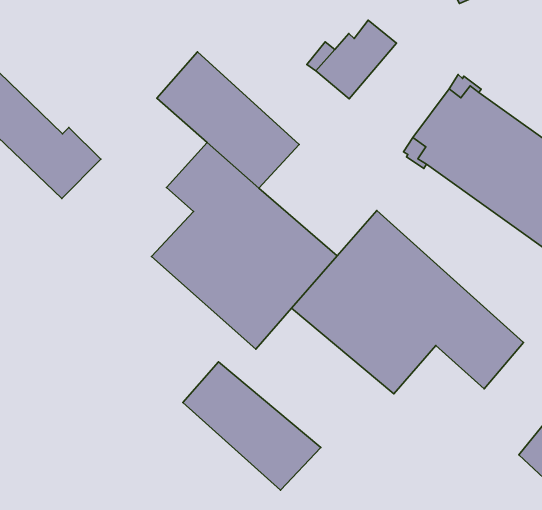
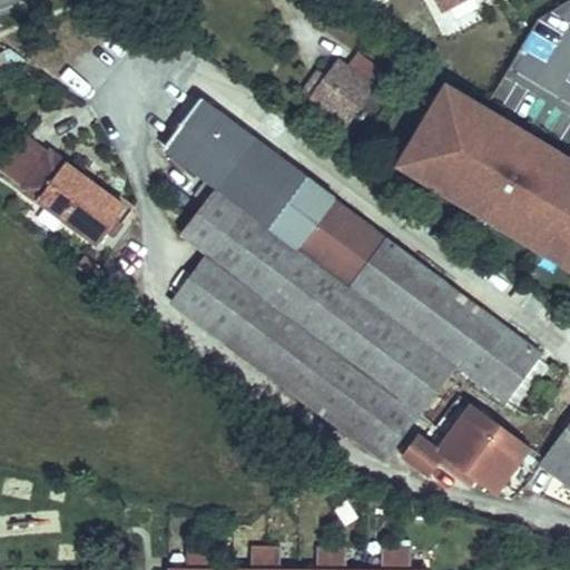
building: none -> [269,177,385,282]
building: [183,362,321,490] -> [279,336,416,455]
building: none -> [405,406,532,492]

